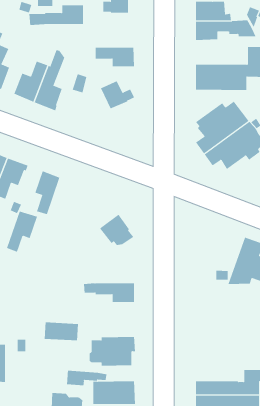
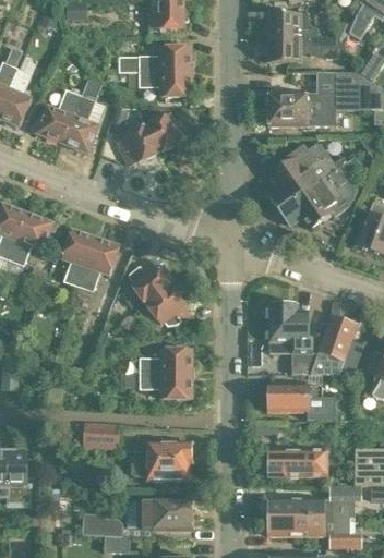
building: [28,5,84,25] -> [119,46,190,72]
building: none -> [116,123,159,165]
building: none -> [129,258,170,303]
building: [6,211,38,252] -> [79,238,119,291]
building: none -> [268,303,311,354]
building: none -> [140,348,191,373]
building: none -> [267,384,337,420]
building: none -> [265,449,326,475]
building: [66,370,107,386] -> none

